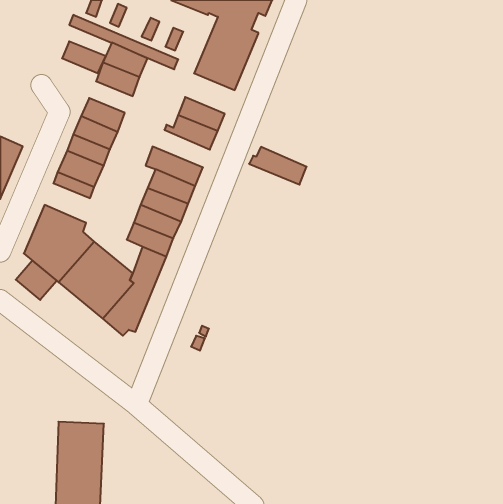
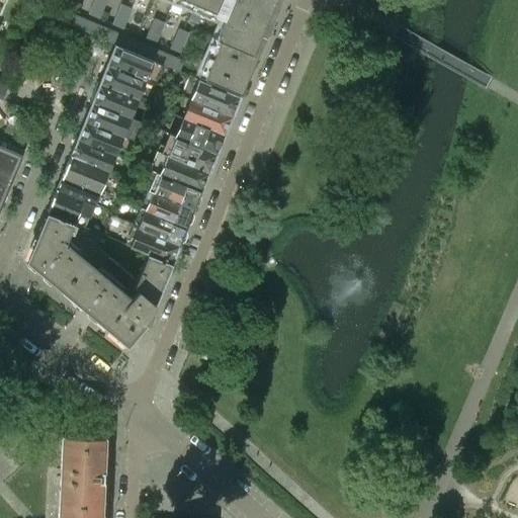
building: [62,41,106,73] -> [94,85,139,117]
building: none -> [192,81,242,118]
building: [249,147,307,185] -> [159,135,218,173]
building: none -> [49,189,95,228]
building: [16,260,57,300] -> none

